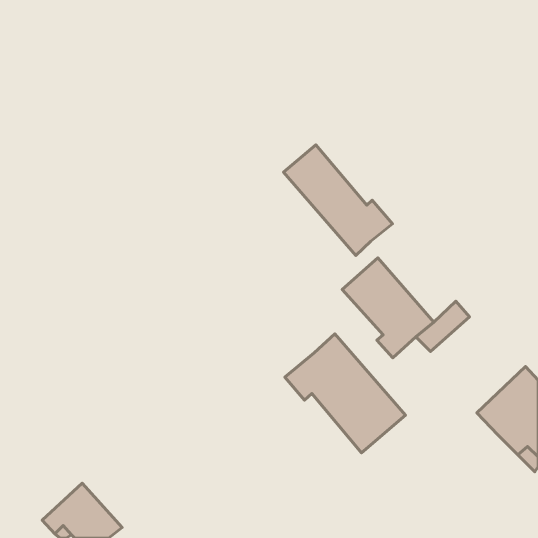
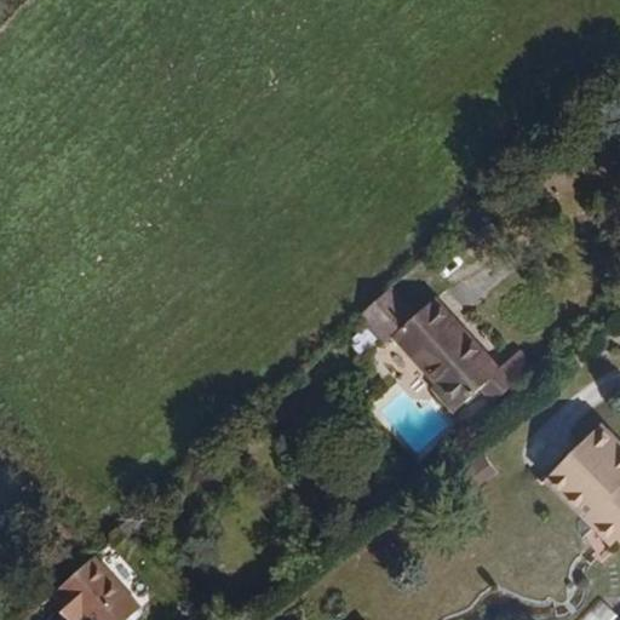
building: [283,145,392,255] -> none
building: [285,334,406,453] -> none

